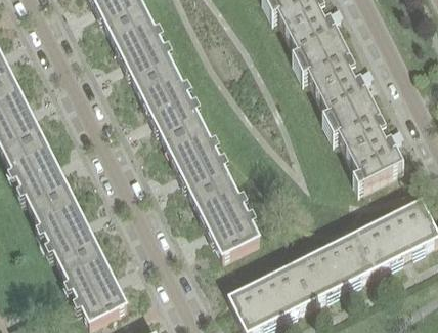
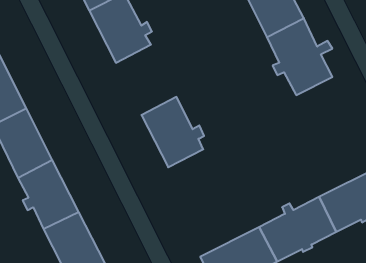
building: [138,68,204,143] -> none
building: [333,102,403,185] -> none
building: [194,180,261,255] -> none

